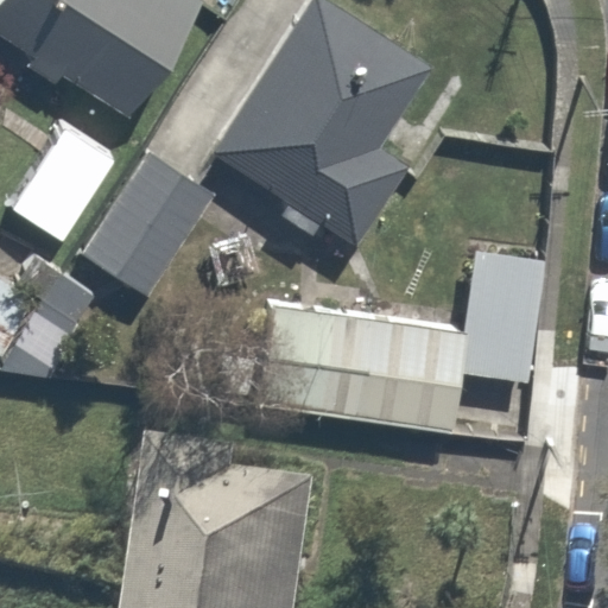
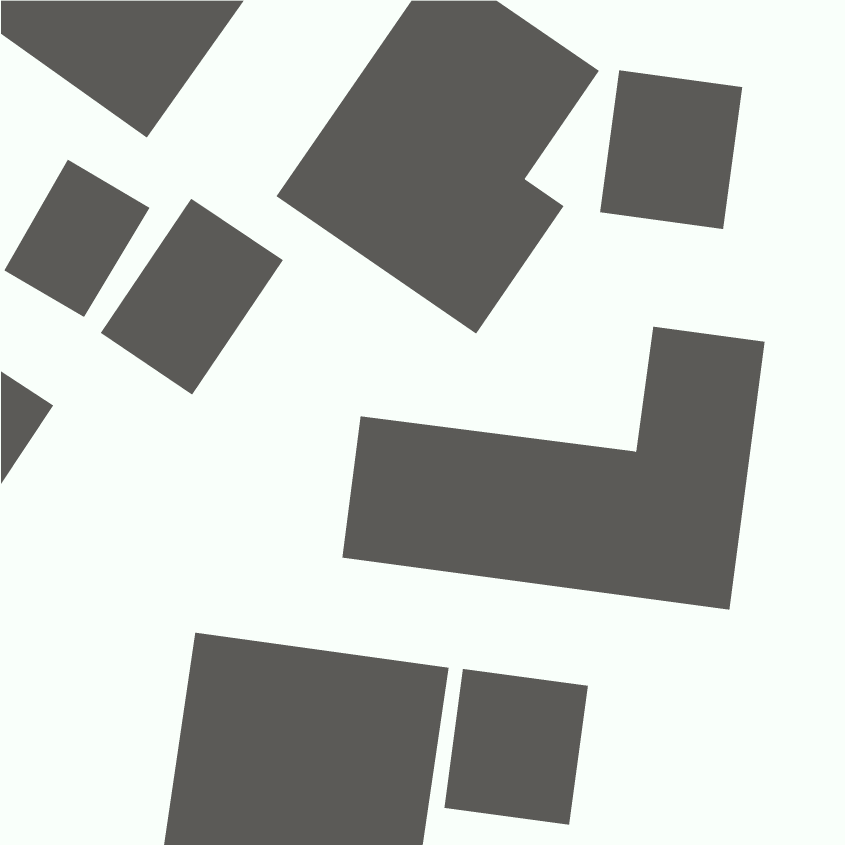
building: none -> [599,70,743,230]
building: none -> [444,668,588,825]

